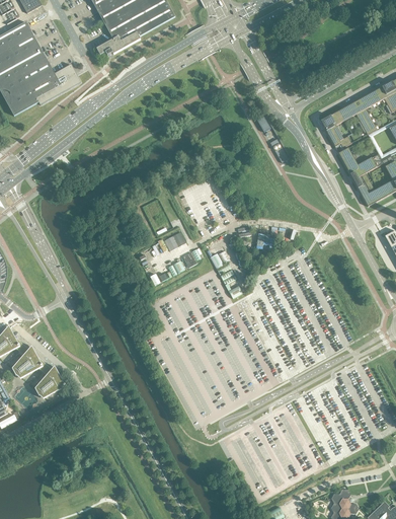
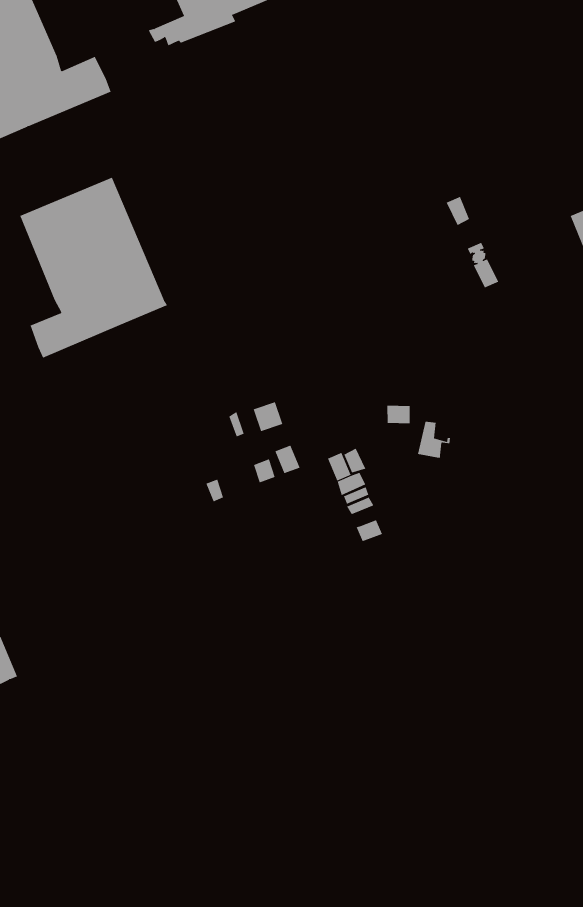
building: none -> [19,177,168,358]

